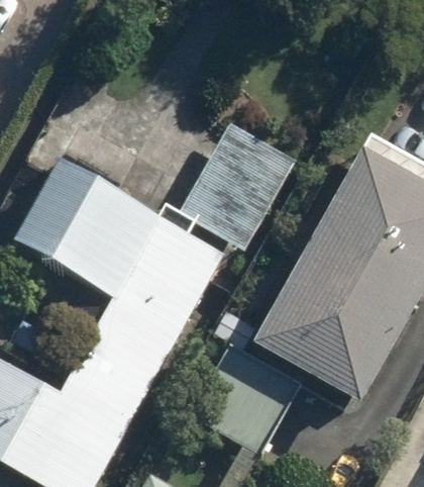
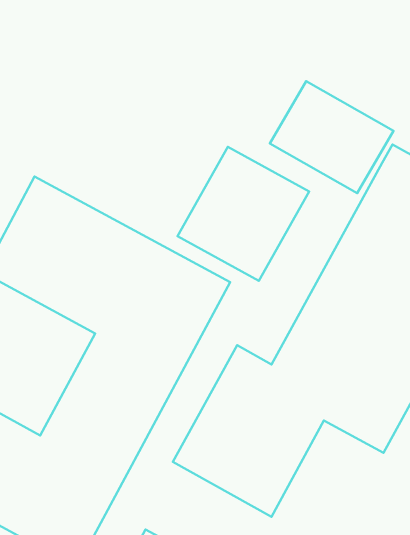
building: none -> [270,81,394,193]

